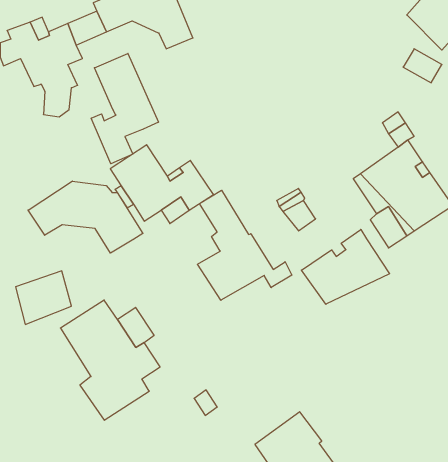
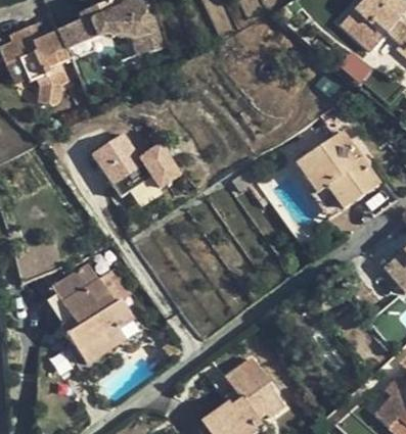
building: [91,53,158,164] -> none
building: [28,181,143,253] -> none
building: [197,190,292,300] -> none
building: [301,229,390,304] -> none

